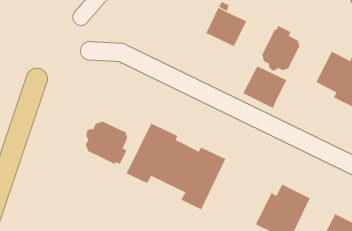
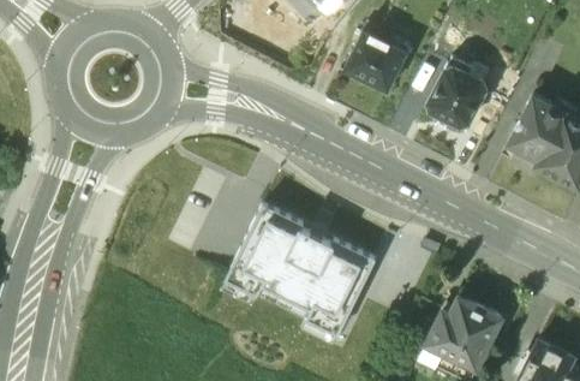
building: [243,65,287,109] -> none
building: [85,121,128,165] -> none

